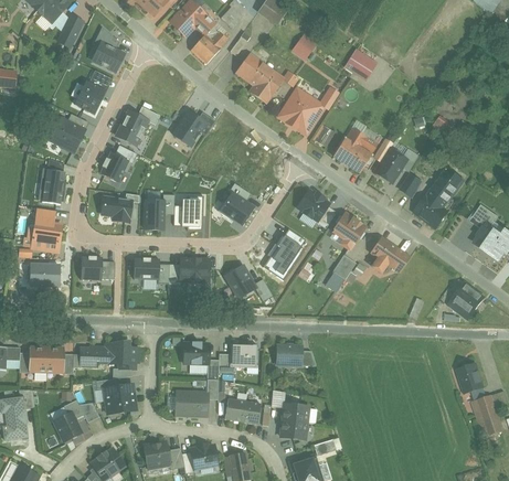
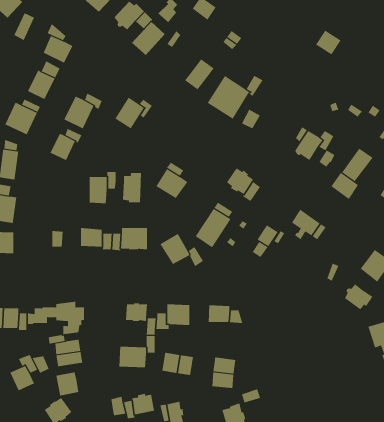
building: [343,49,373,77] -> [315,30,342,55]
building: [235,53,268,86] -> none
building: [333,127,381,172] -> none
building: [99,195,131,223] -> none
building: [333,213,364,250] -> none
building: [79,256,100,280] -> none
building: none -> [344,283,373,310]
building: [142,441,169,469] -> [56,372,79,396]

